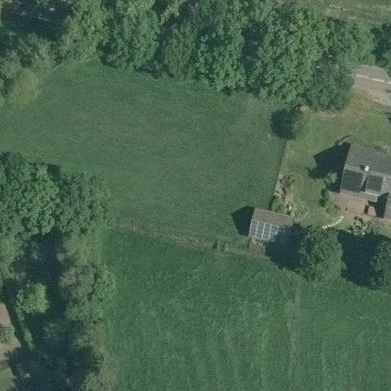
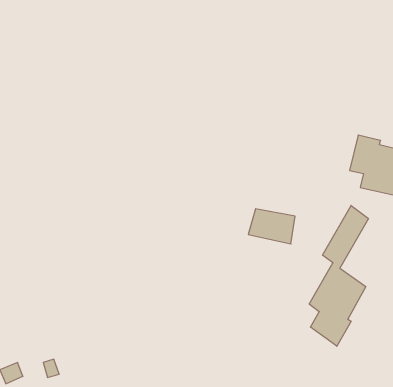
building: none -> [309,205,368,346]

